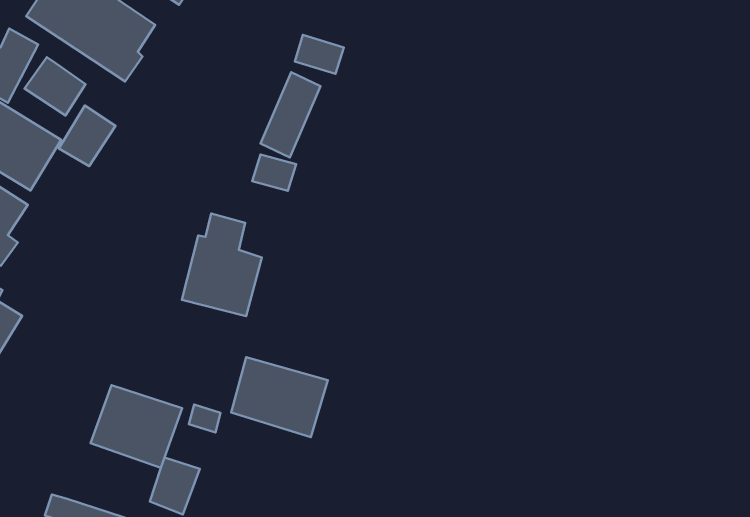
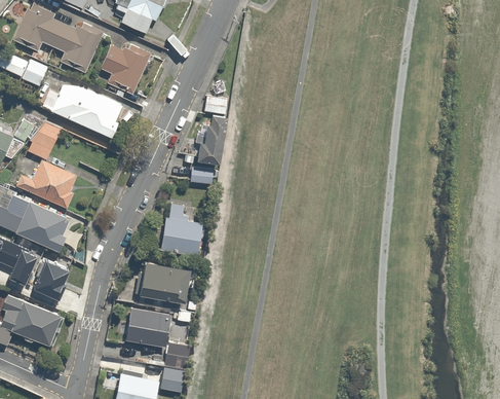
building: [24,57,85,115] -> none
building: [59,105,115,166] -> none
building: [231,357,328,437] -> [139,264,189,302]

